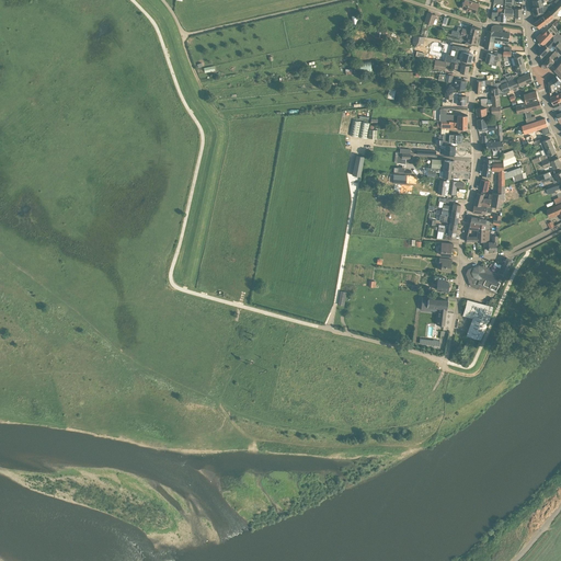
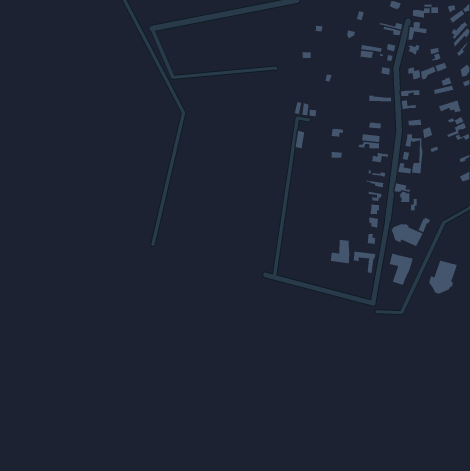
building: none -> [330,239,350,264]
building: none -> [428,260,458,294]

